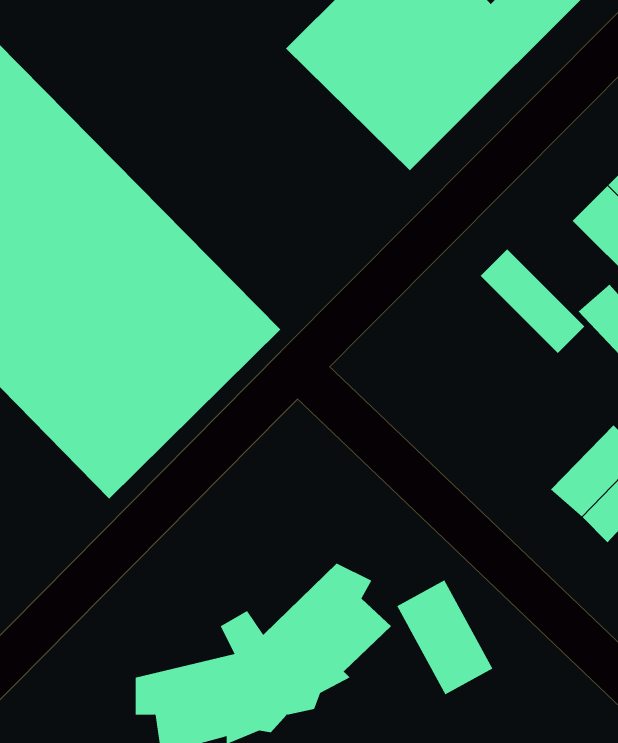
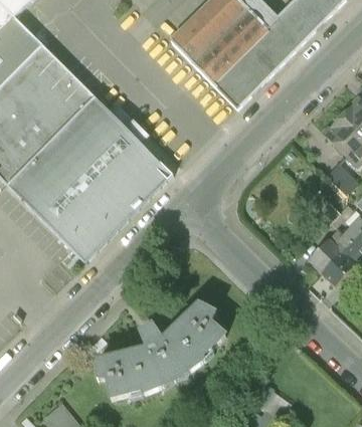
building: [480,249,585,354] -> none
building: [396,579,493,695] -> none

